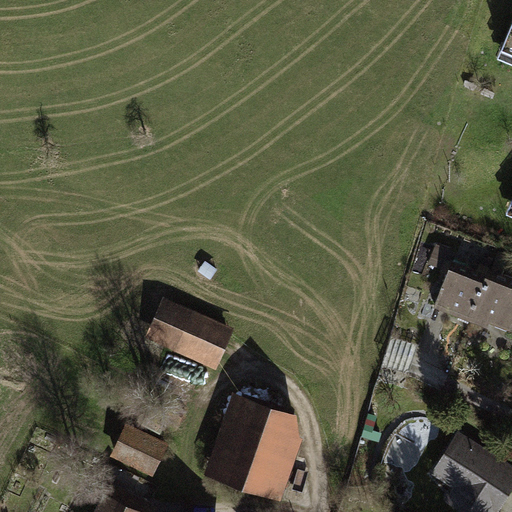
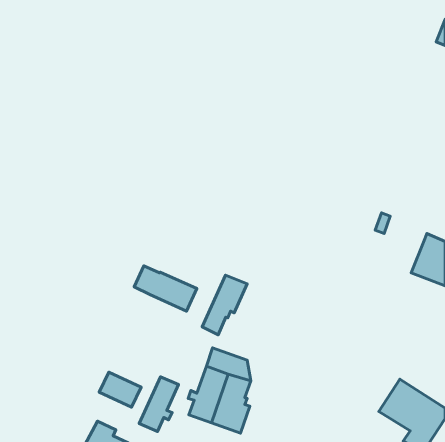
building: [435,264,488,322] -> none
building: none -> [202,275,247,335]
building: none -> [139,377,178,432]

